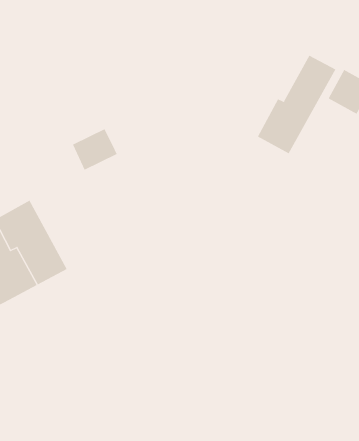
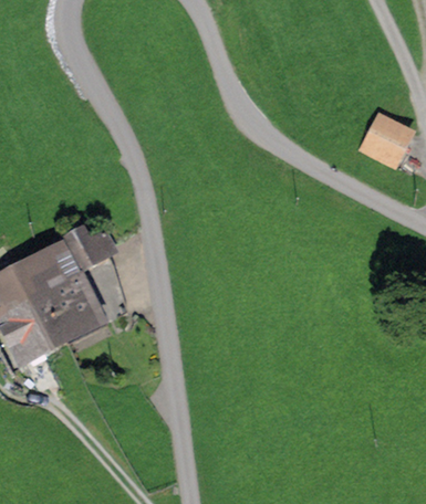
building: [257,55,336,154] -> none
building: [72,128,118,170] -> [71,225,117,269]

